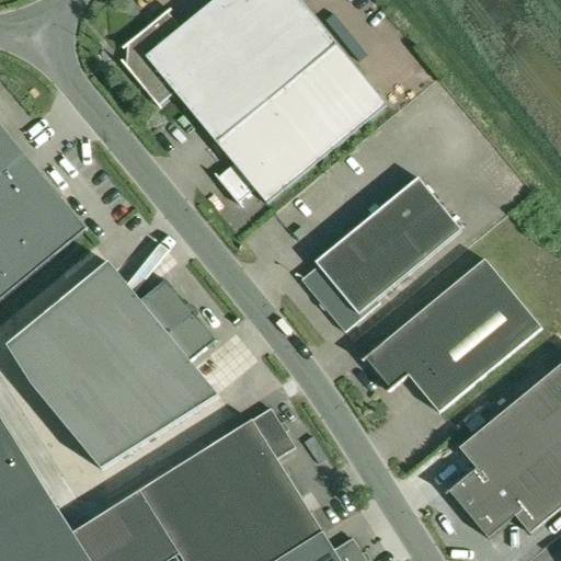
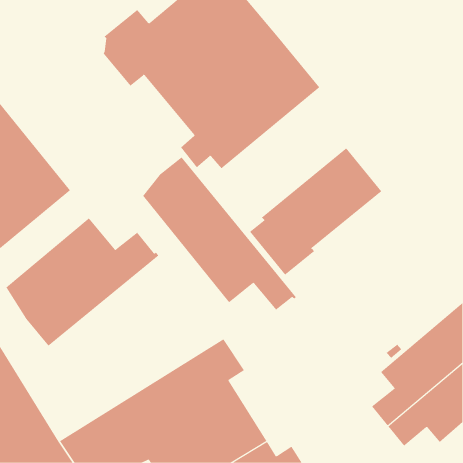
building: none -> [142,156,297,311]
building: [364,259,541,413] -> none
building: [58,308,218,469] -> none

